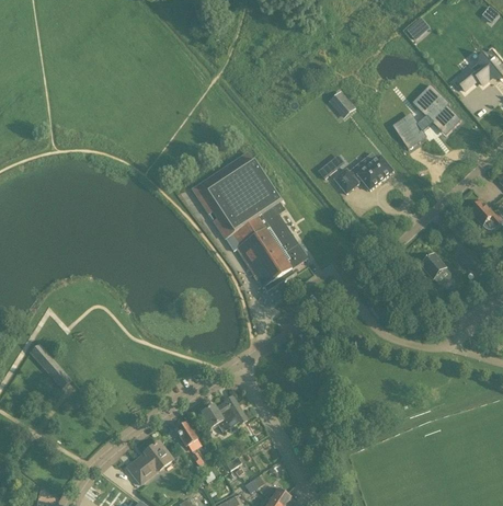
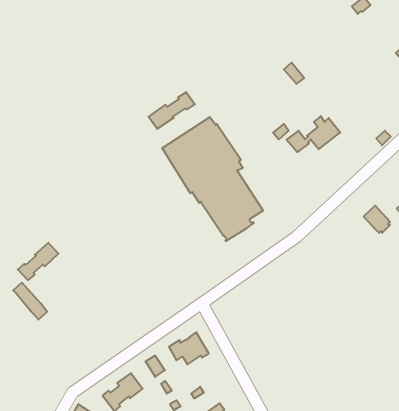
building: [395,89,455,142] -> none
building: none -> [148,92,195,129]
building: none -> [18,243,58,280]

